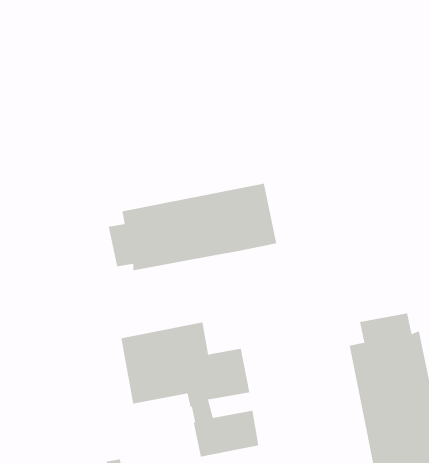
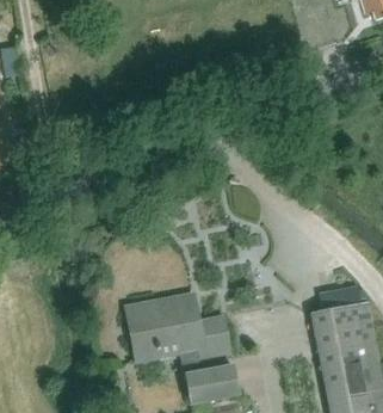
building: [108,183,277,271] -> none

